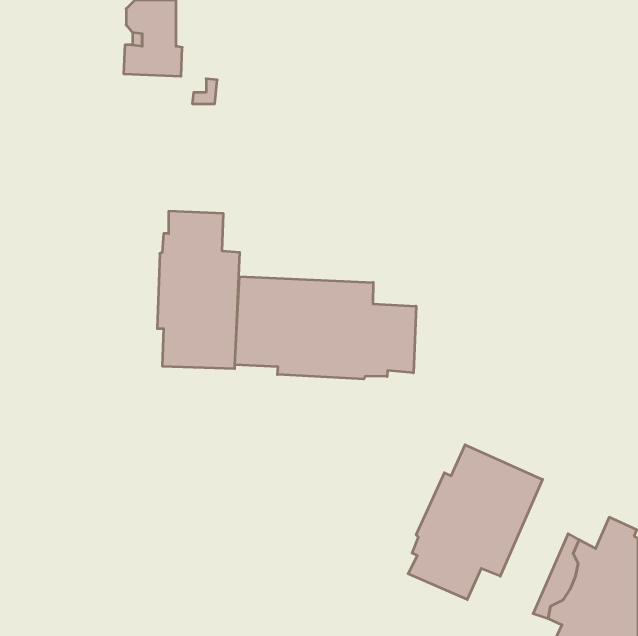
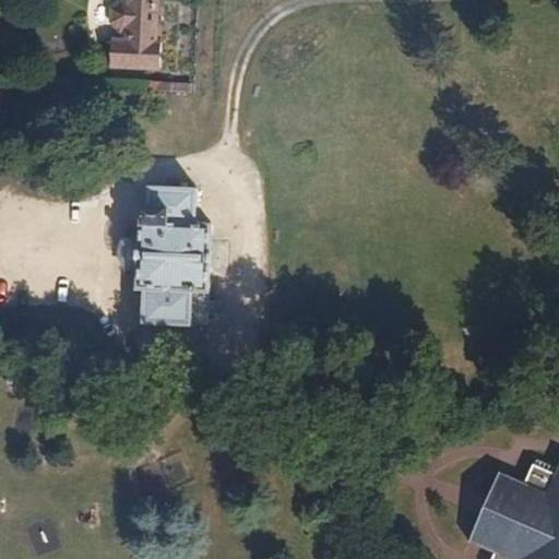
building: [235,277,416,379] -> none
building: [408,445,543,600] -> none

